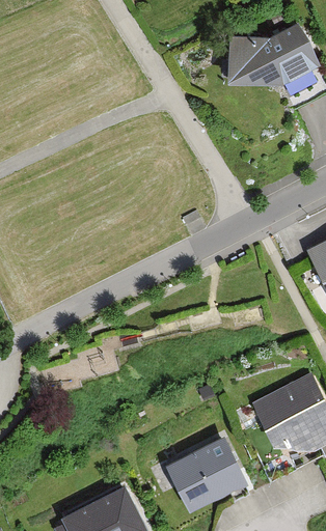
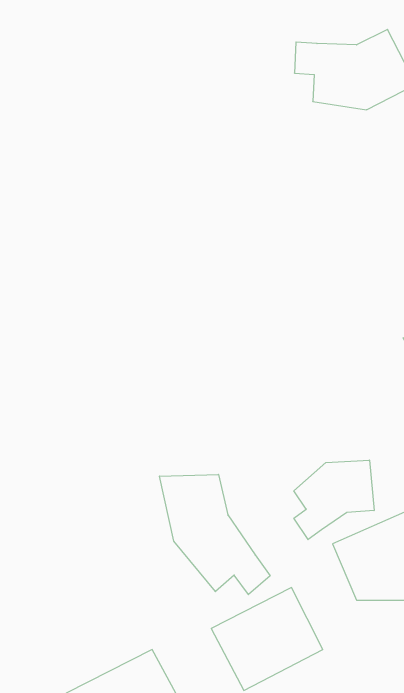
building: none -> [294,460,374,540]
building: none -> [160,474,270,595]

